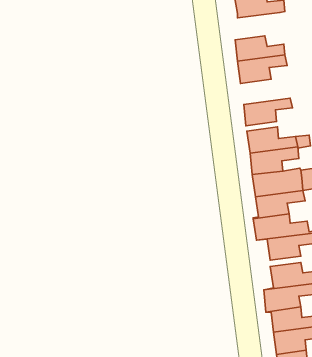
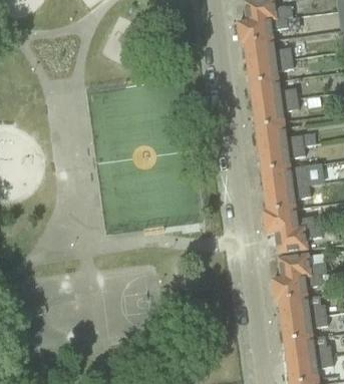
building: none -> [237,16,291,44]
building: none -> [249,80,296,104]

